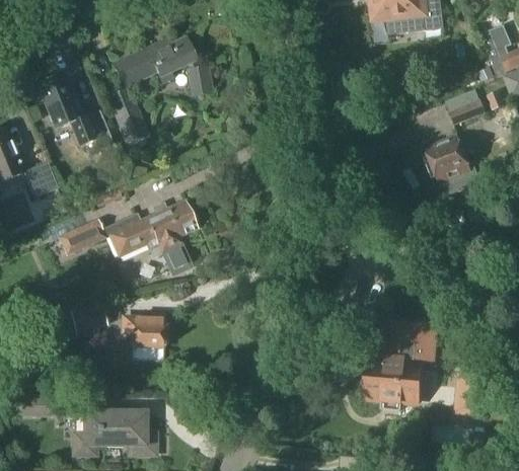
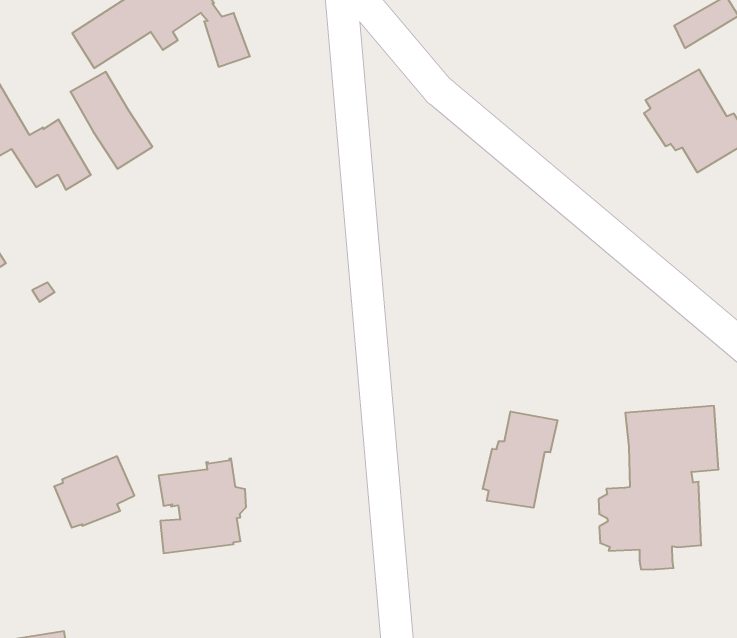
building: [54,201,198,272] -> none
building: none -> [483,411,558,508]

